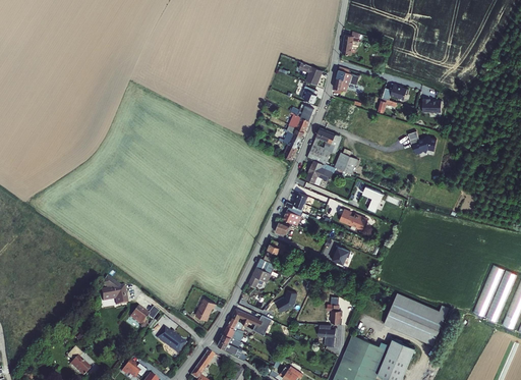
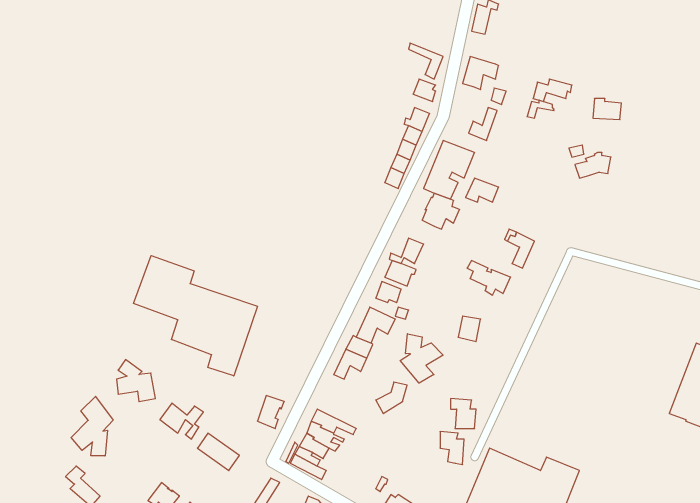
building: none -> [133,256,258,376]
building: none -> [400,334,443,383]
building: [388,292,452,344] -> none
building: none -> [71,396,113,456]

